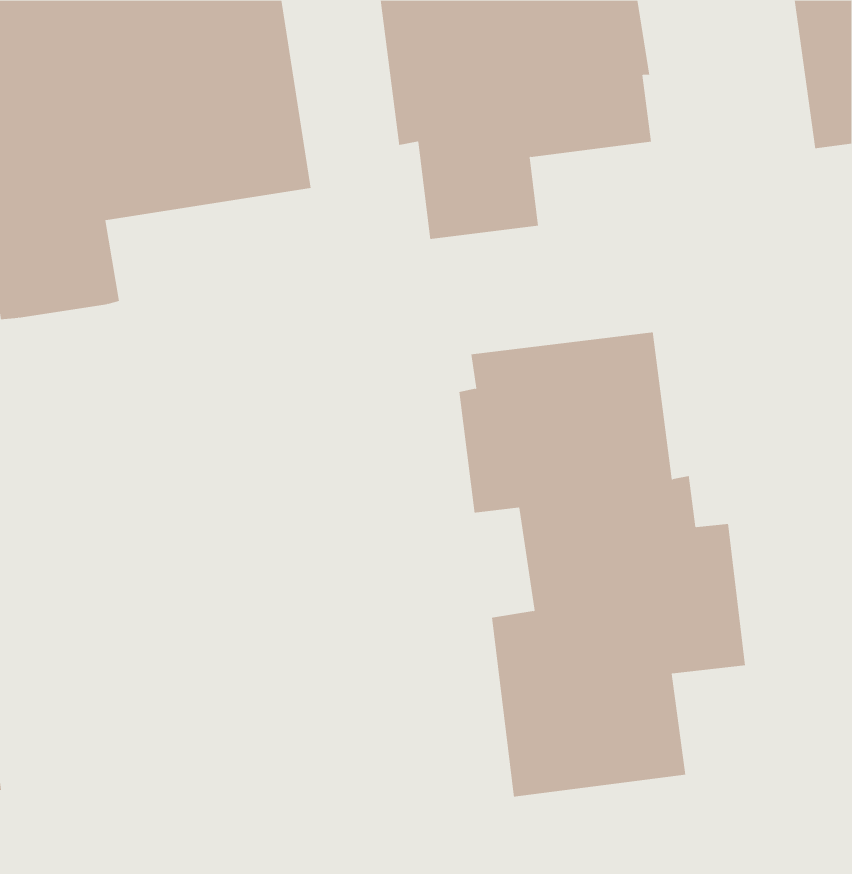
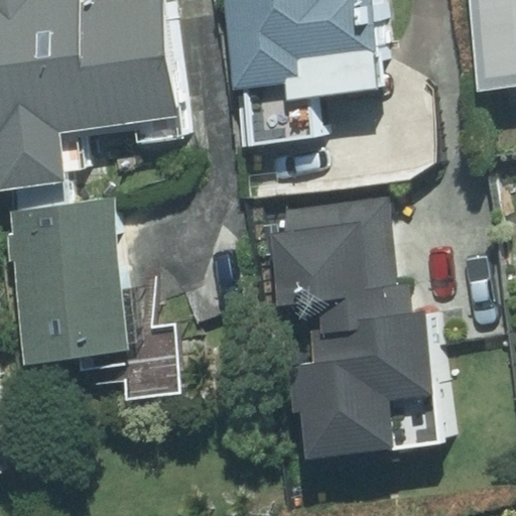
building: none -> [5,179,133,363]

